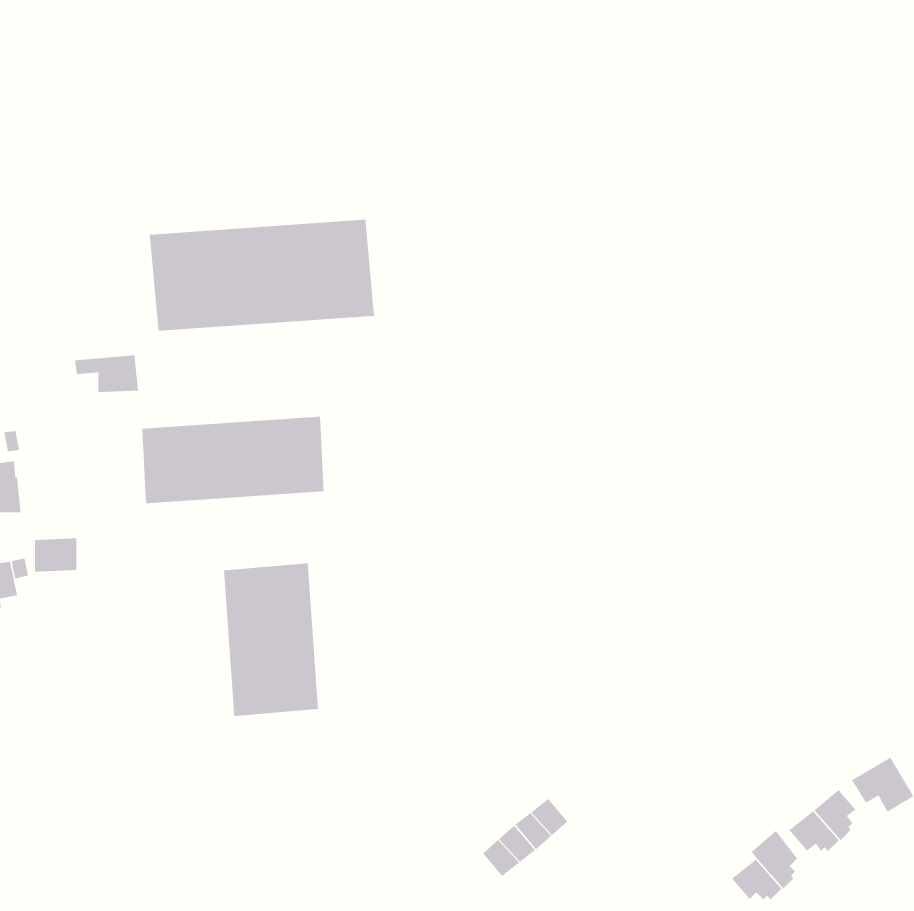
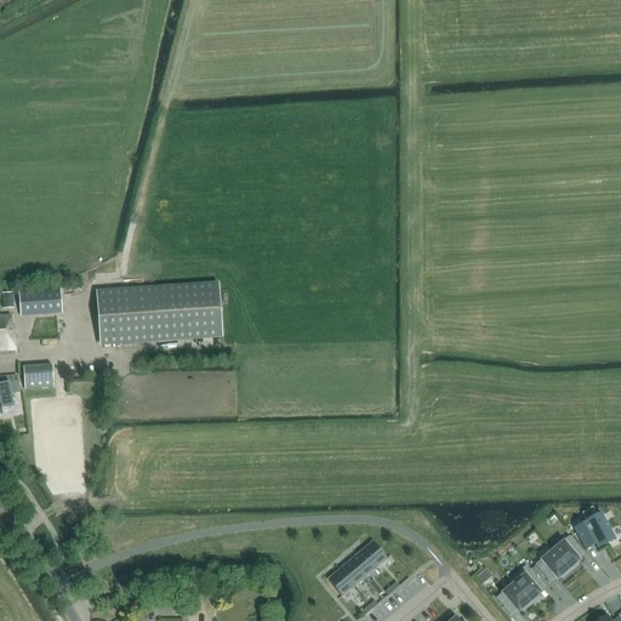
building: [149,219,375,332] -> none
building: [74,355,139,393] -> [17,286,61,312]
building: [223,563,318,717] -> none

